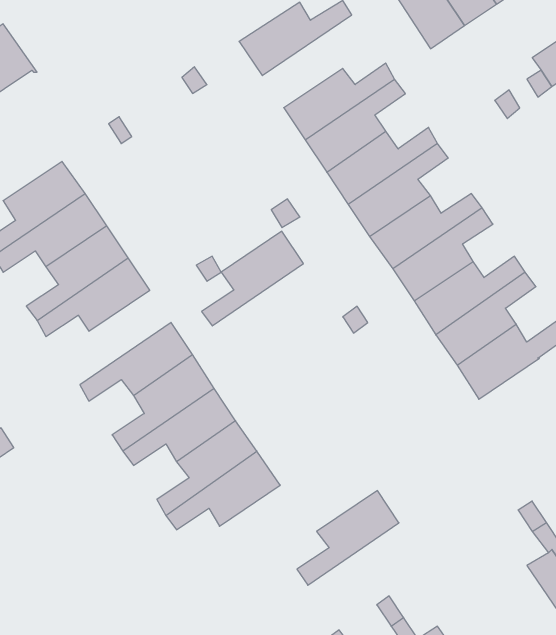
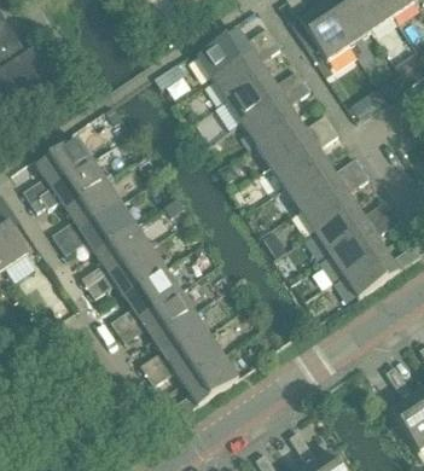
building: none -> [211,36,279,99]
building: [202,231,303,326] -> [81,222,150,286]
building: [297,491,399,585] -> [169,354,238,418]

